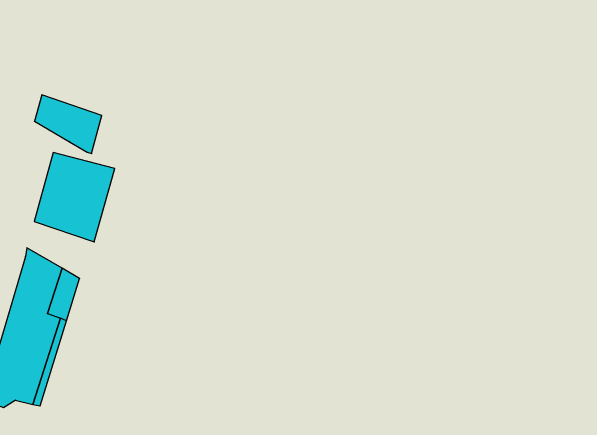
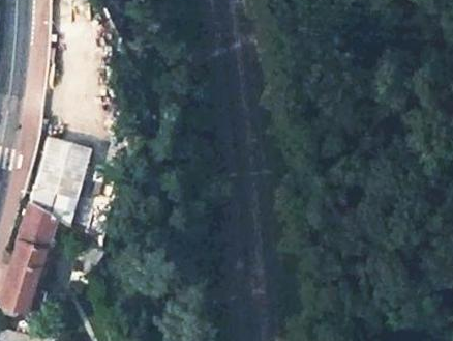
building: [34,95,102,154] -> [28,183,76,225]

